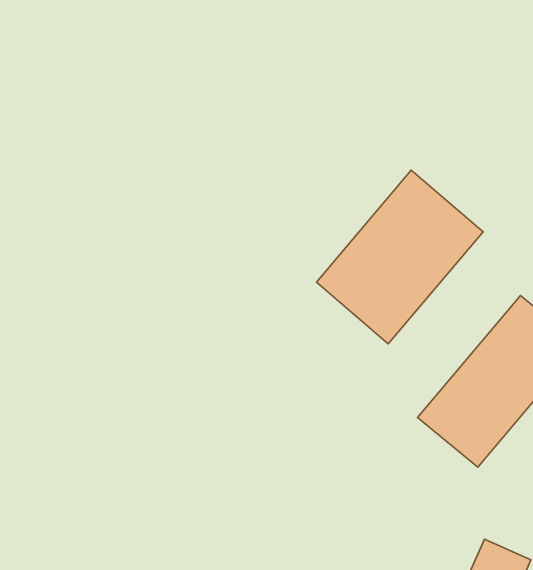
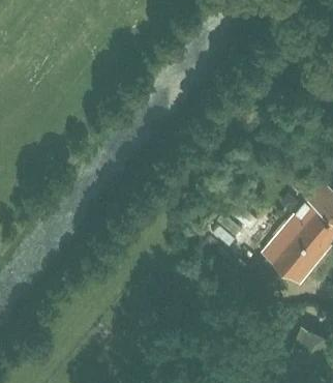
building: [316,170,483,344] -> none

